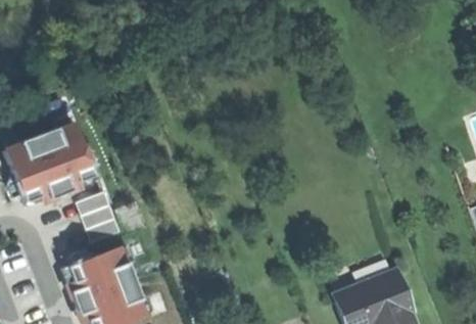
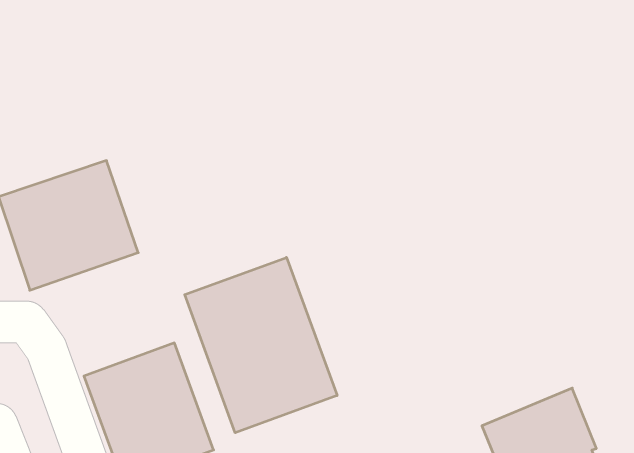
building: none -> [185,257,337,433]
building: [78,190,122,240] -> none

